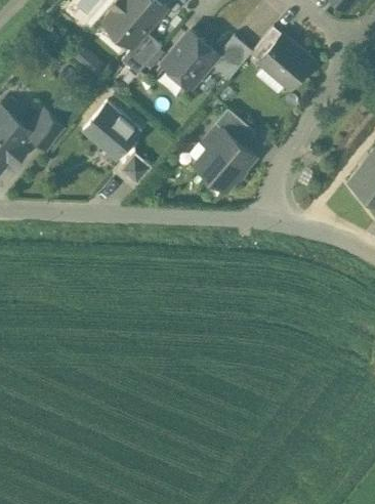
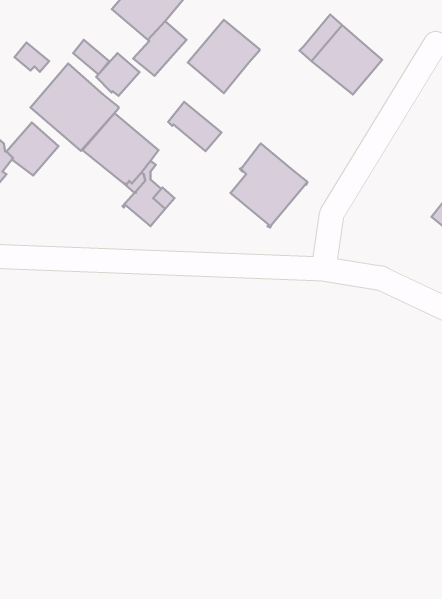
building: [210,35,252,79] -> none
building: none -> [96,53,140,96]
building: none -> [31,64,119,151]
building: [215,109,256,146] -> [168,102,222,151]

